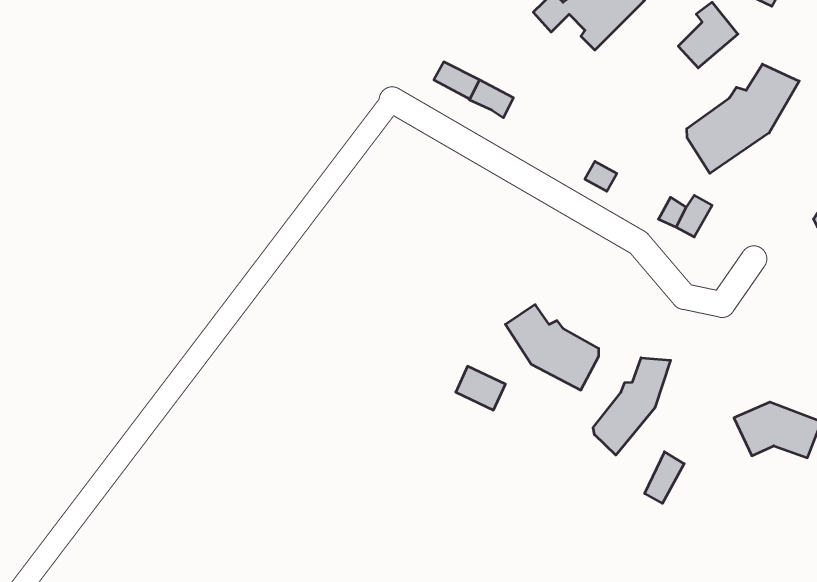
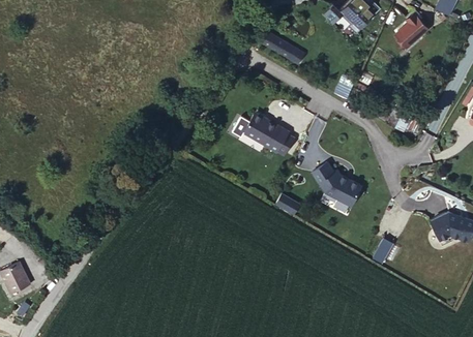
building: [687,64,799,173] -> none
building: none -> [239,113,290,152]
building: [593,358,671,455] -> none

